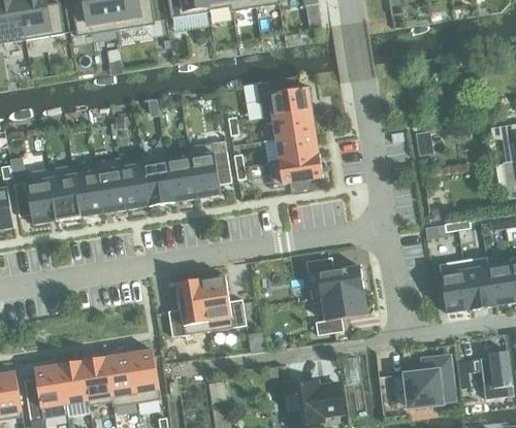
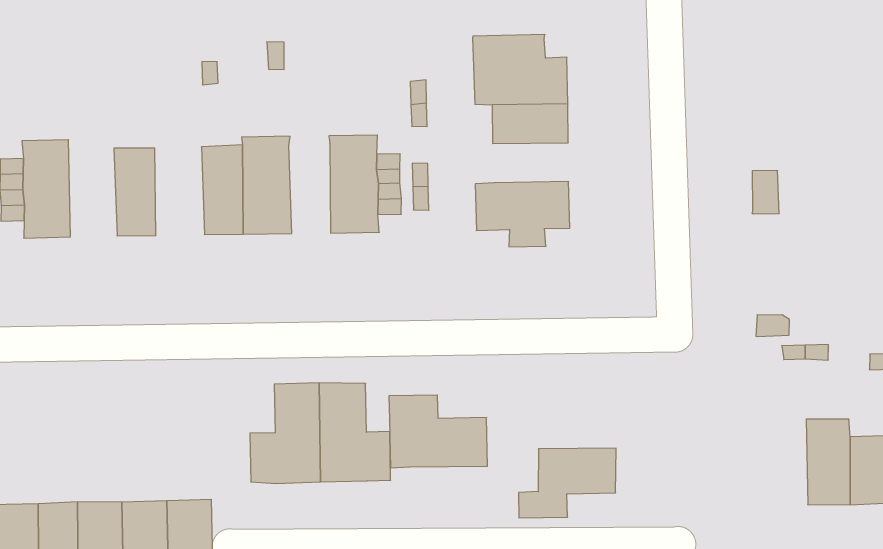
building: [263,132,319,162] -> none
building: [167,151,196,201] -> none
building: [95,157,129,212] -> none
building: [50,164,83,220] -> none
building: [307,257,364,299] -> [389,395,487,468]
building: [441,261,471,310] -> none

